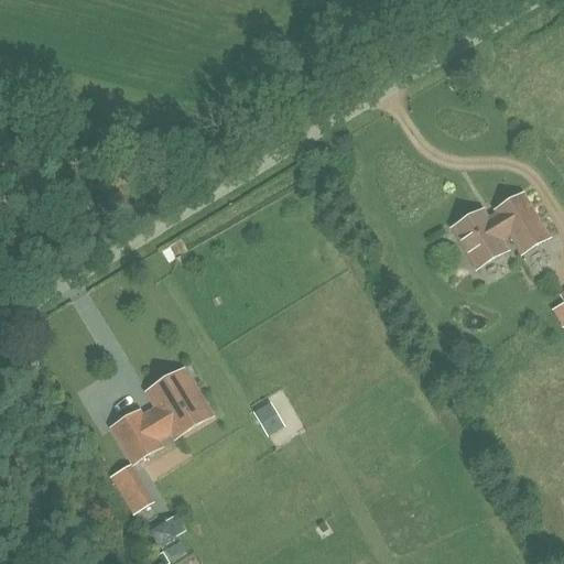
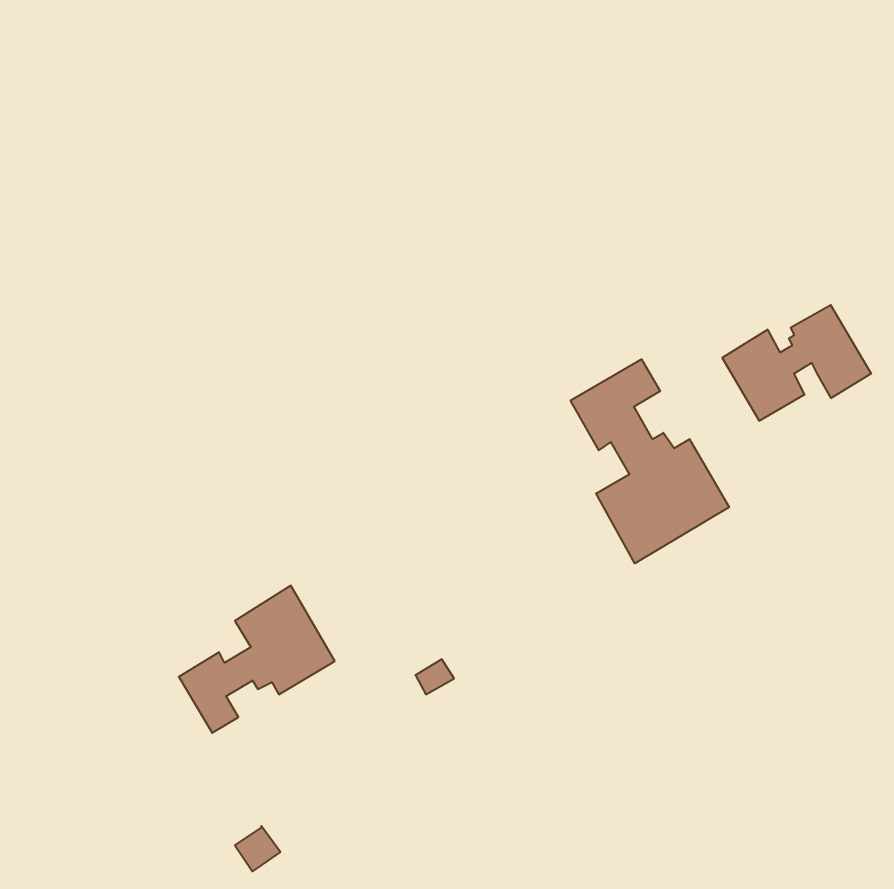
building: none -> [571,359,729,563]
building: [109,462,153,513] -> none

